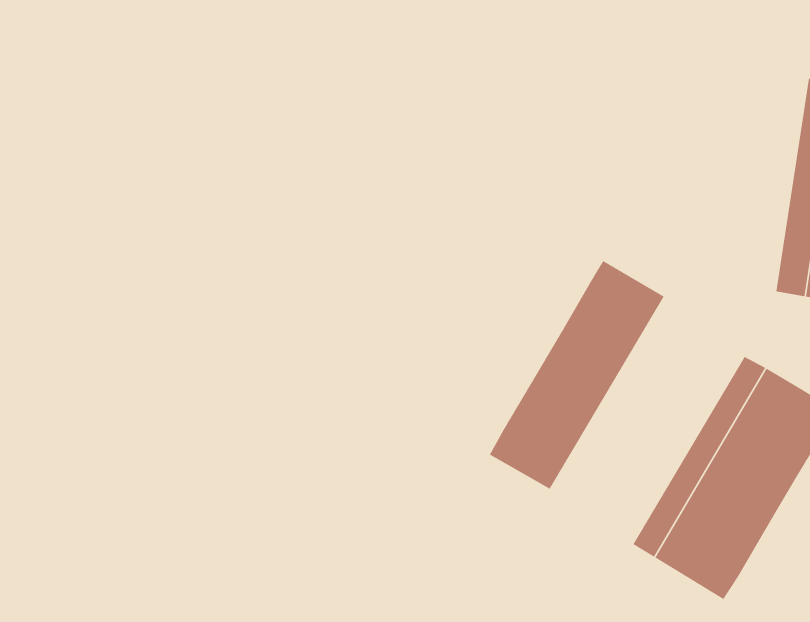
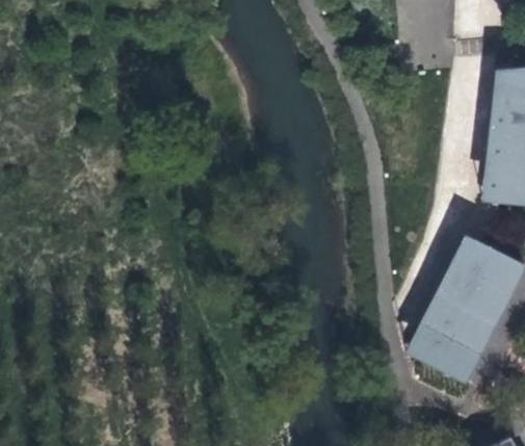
building: [489,260,665,489] -> none

